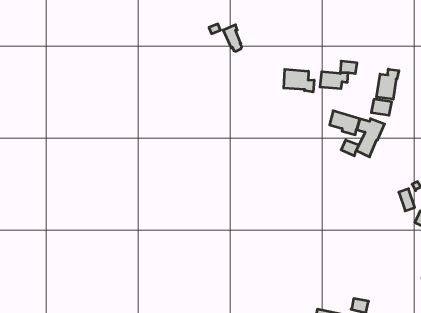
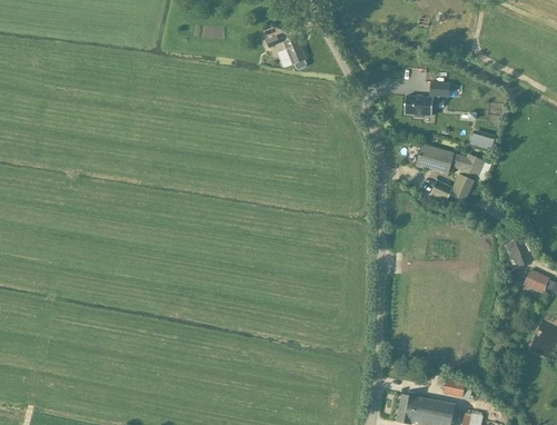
building: [377,69,399,99] -> none
building: [284,69,314,92] -> none

